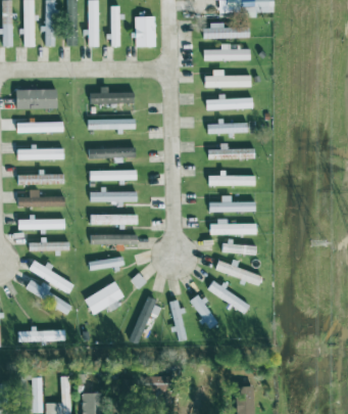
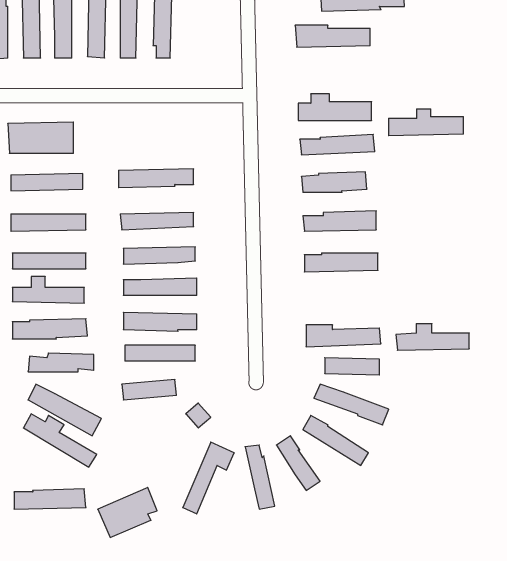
building: [135,15,156,47] -> none
building: [203,43,252,60] -> [389,109,463,136]
building: [90,86,135,103] -> none
building: [208,195,256,213] -> [396,324,469,350]
building: [84,282,122,315] -> [98,487,157,537]

